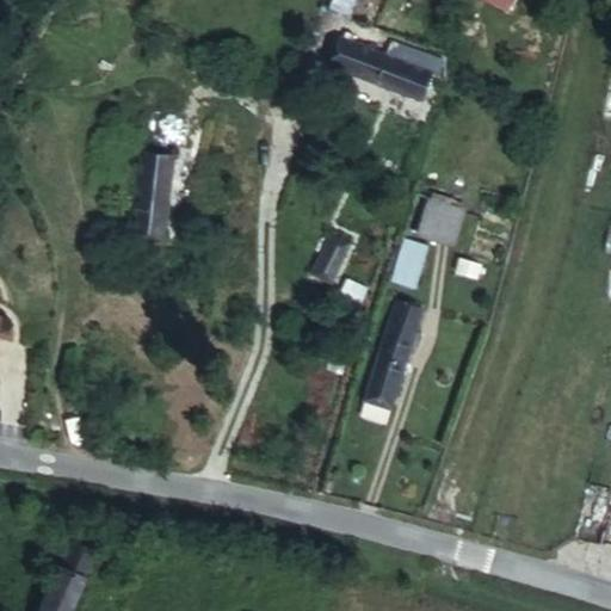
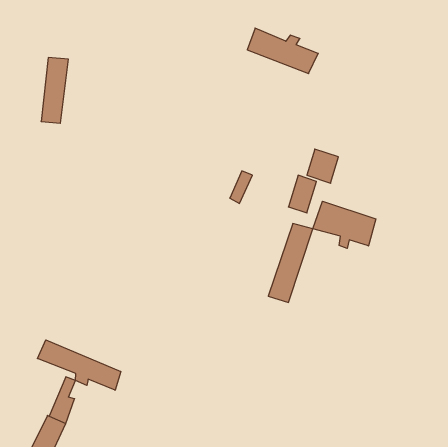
building: [136,147,173,236] -> [41,58,68,123]
building: none -> [313,201,376,248]
building: none -> [37,340,121,390]

